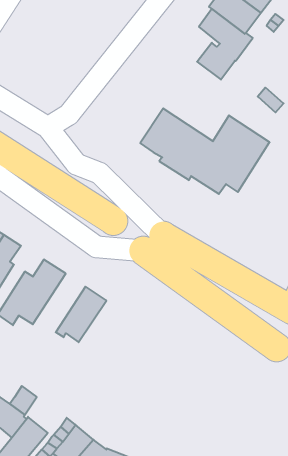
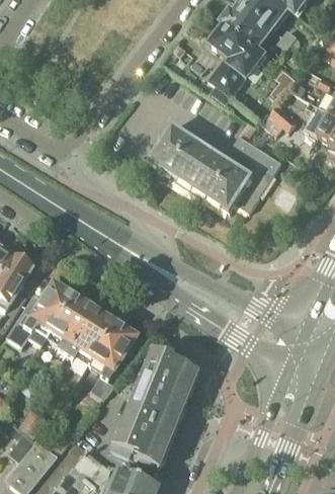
building: none -> [47,292,95,351]
building: none -> [84,319,138,406]
building: none -> [109,348,197,469]

